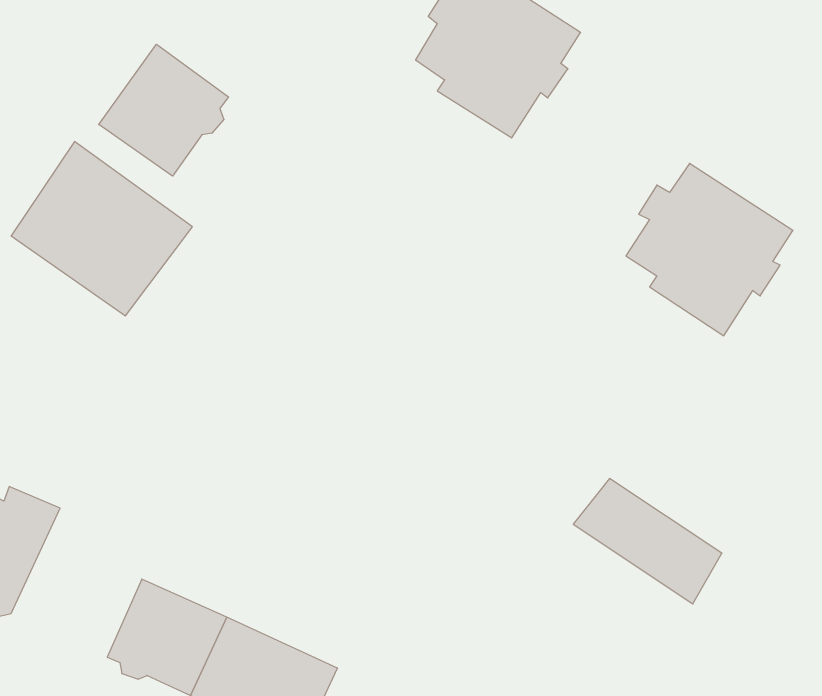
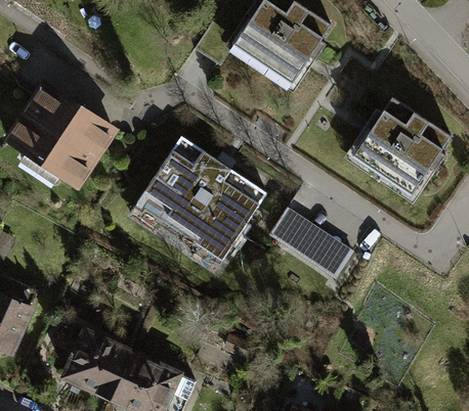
building: [99,44,229,176] -> none
building: none -> [136,139,263,261]
building: [573,479,722,604] -> [266,211,350,281]

